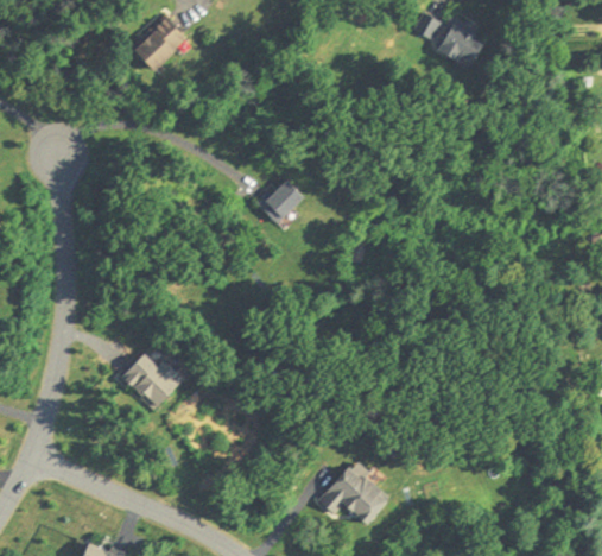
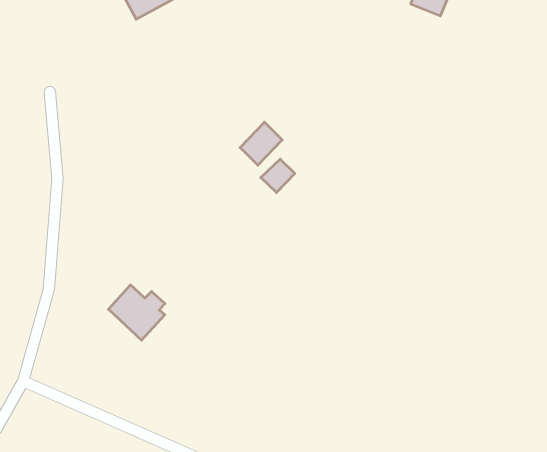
building: none -> [261,159,295,193]
building: [317,463,391,525] -> none

